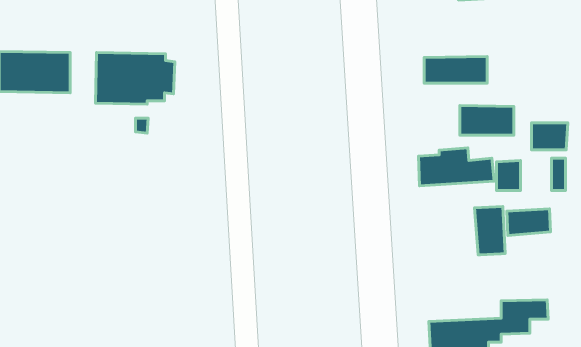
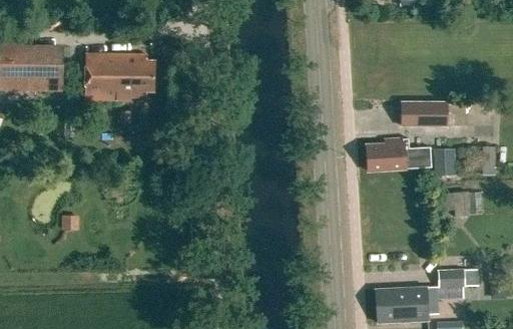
building: [424,57,487,83] -> none
building: [531,123,568,150] -> none
building: [475,206,505,255] -> none

